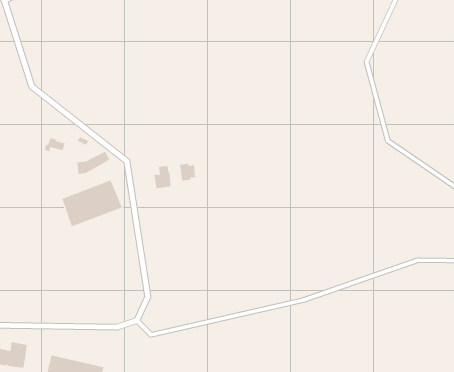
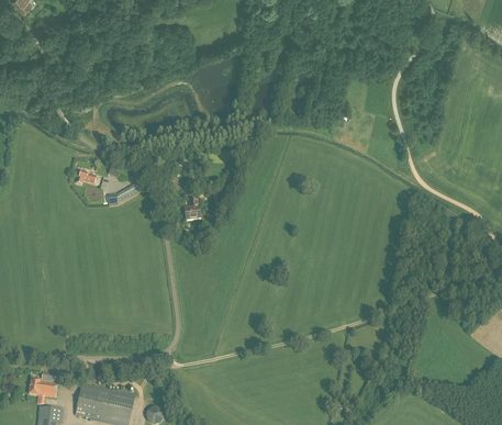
building: [61,179,122,227] -> none

